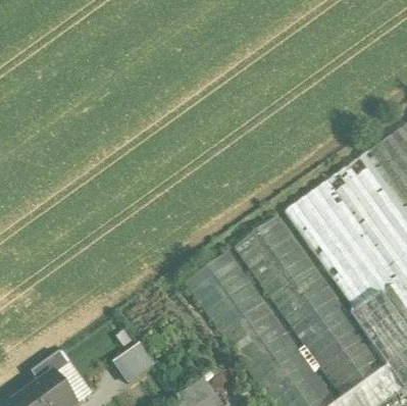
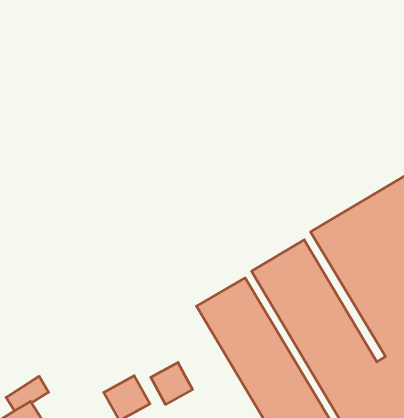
building: none -> [151,362,192,404]

